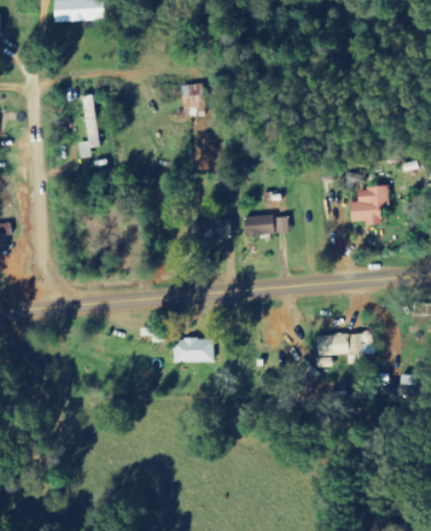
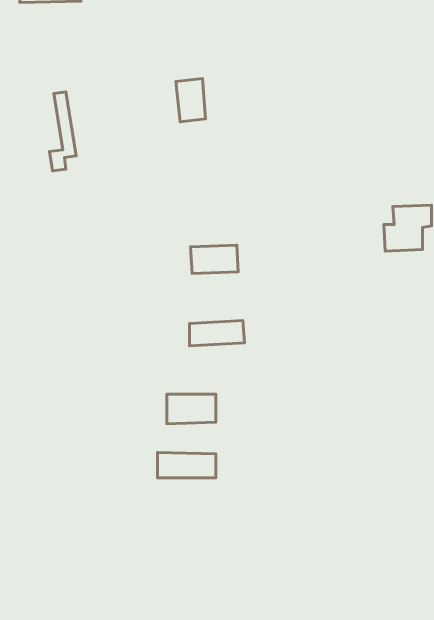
building: [245,215,290,235] -> [189,320,244,346]
building: [316,333,373,368] -> none
building: none -> [158,453,216,478]

